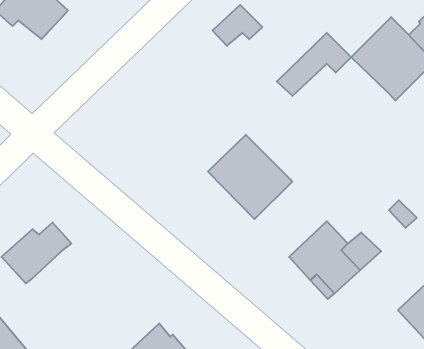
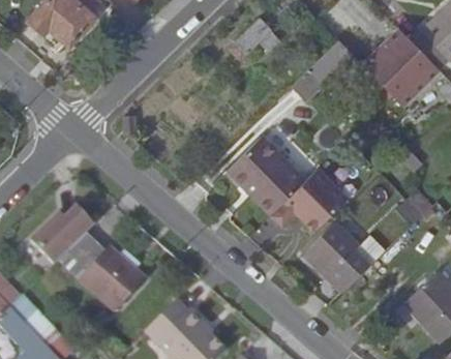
building: none -> [269,163,345,226]
building: none -> [61,240,146,317]

